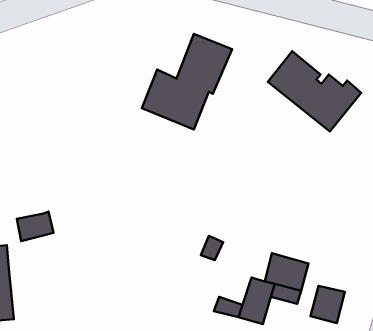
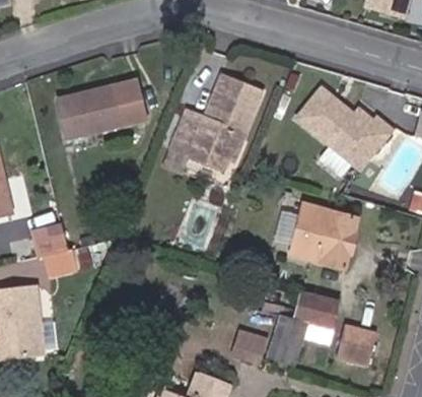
building: none -> [69,76,156,131]
building: none -> [289,203,358,268]
building: none -> [39,219,77,257]

